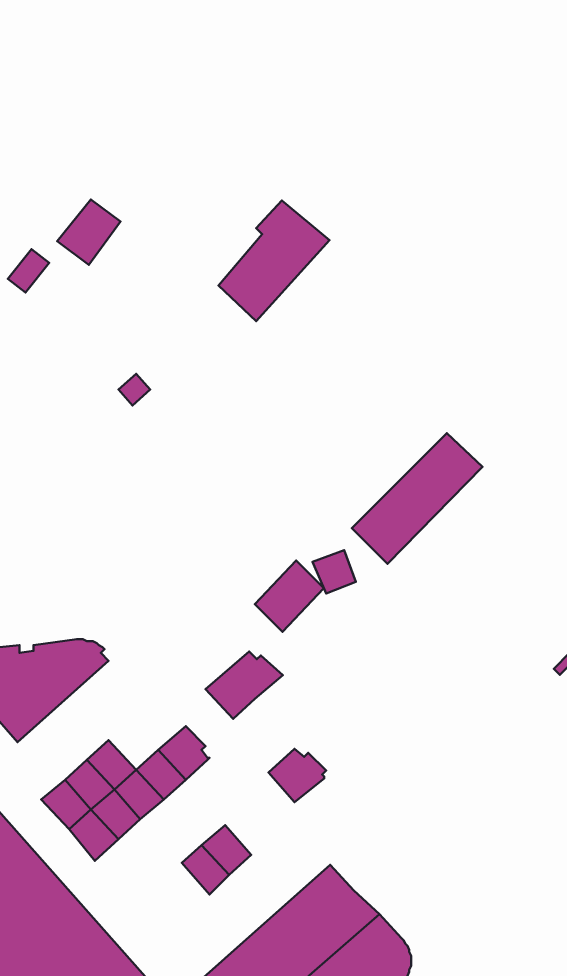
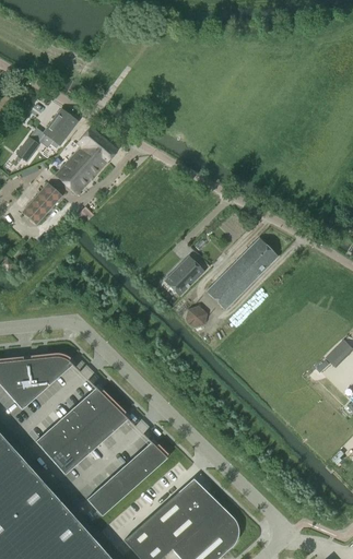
building: [219,200,329,321] -> [57,129,118,195]
building: none -> [23,185,63,225]
building: [255,561,324,632] -> [166,258,204,297]
building: [206,651,283,719] -> [72,388,115,425]
building: [269,749,326,802] -> [137,442,168,472]
building: none -> [86,476,128,515]

